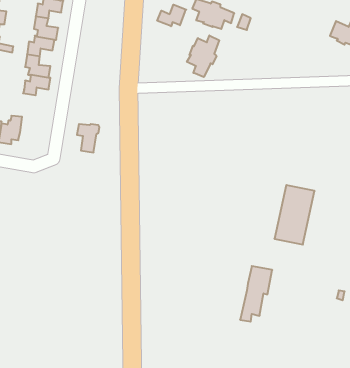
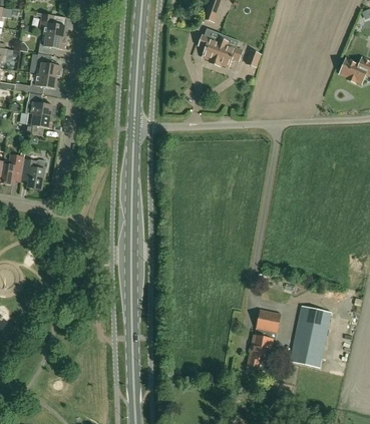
building: [157,5,186,26] -> none
building: [187,35,219,77] -> none
building: [77,124,99,152] -> [24,158,47,187]
building: [274,185,315,245] -> [290,305,331,366]

